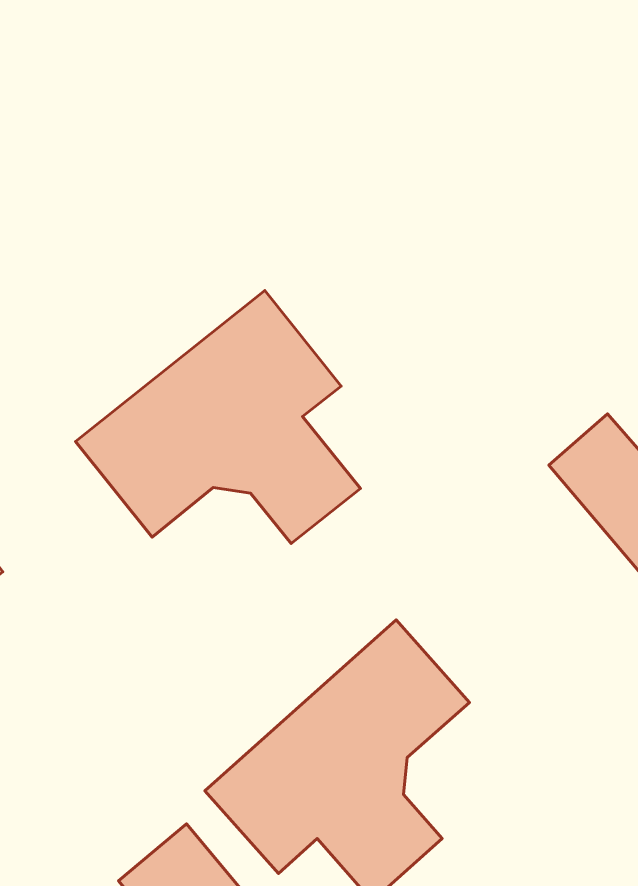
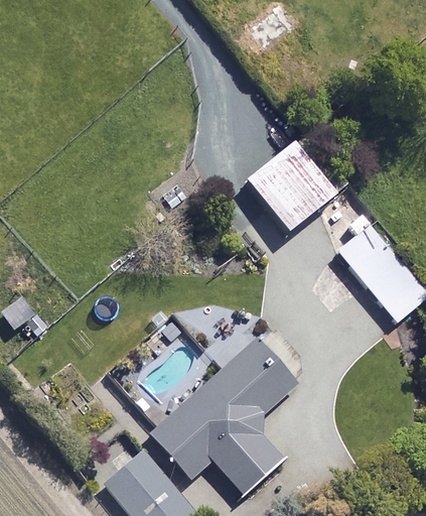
building: none -> [246,133,346,232]
building: [75,291,361,544] -> none

